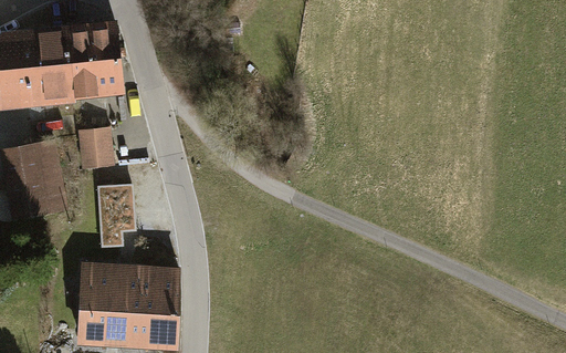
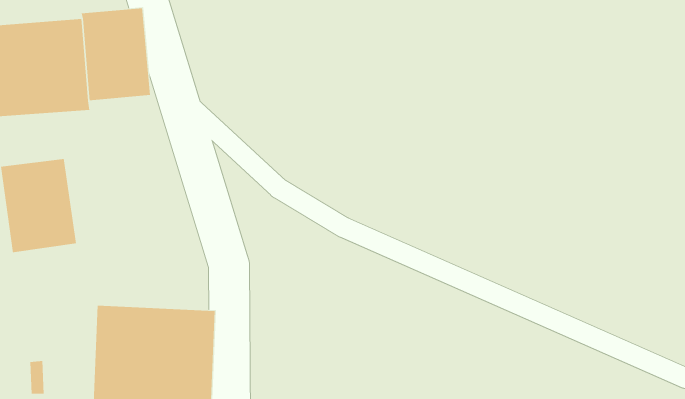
building: [78,127,114,168] -> none
building: [102,181,139,248] -> none

